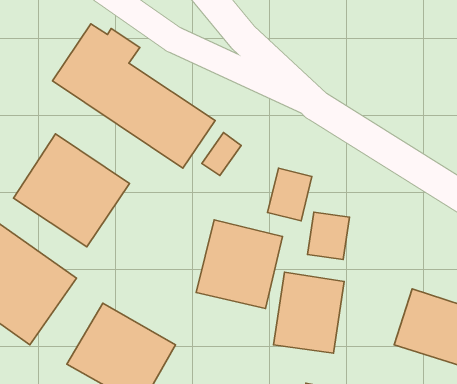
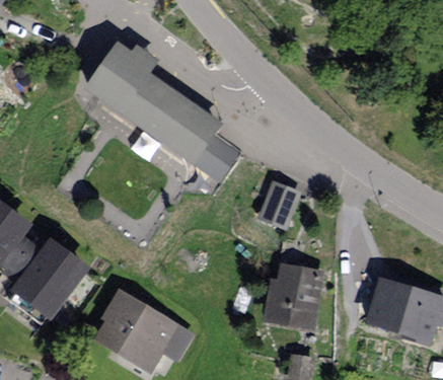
building: [14,134,129,247] -> none
building: [308,212,349,260] -> none
building: [196,220,283,308] -> none

